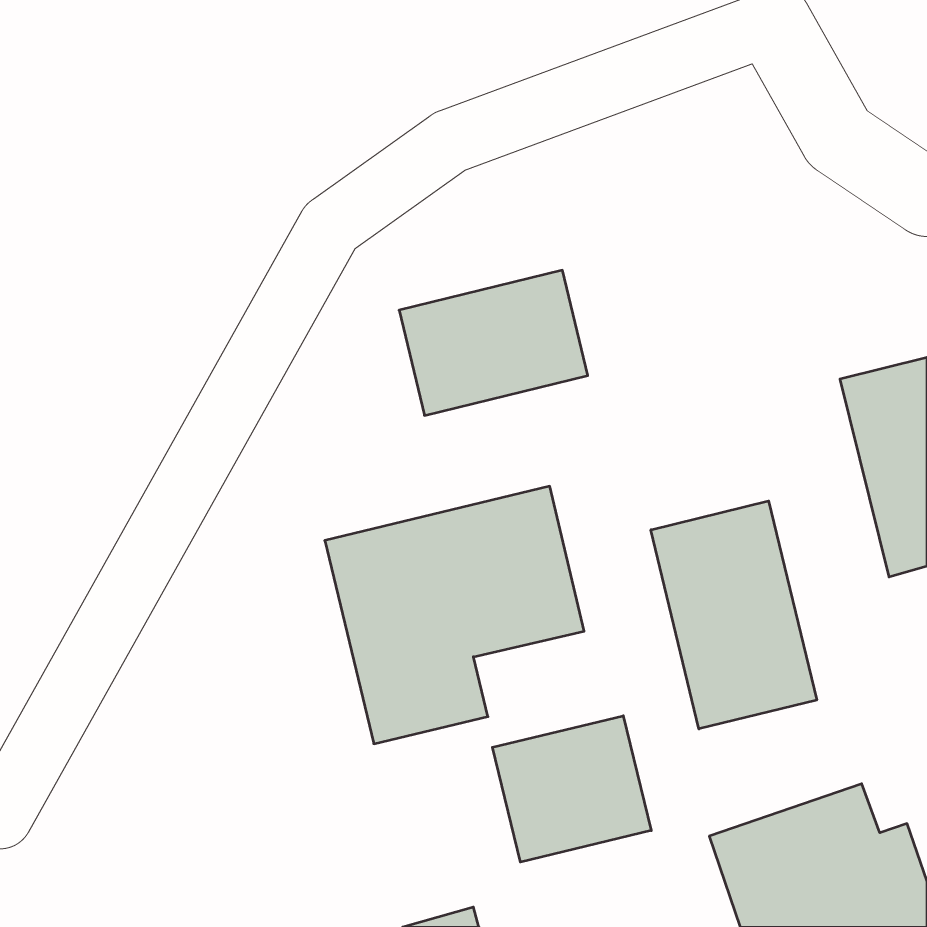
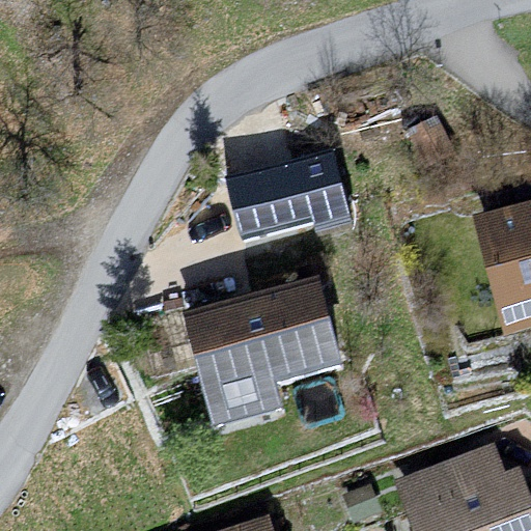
building: [651,501,817,729] -> none
building: [492,716,651,862] -> none

